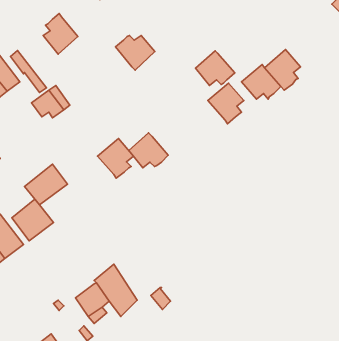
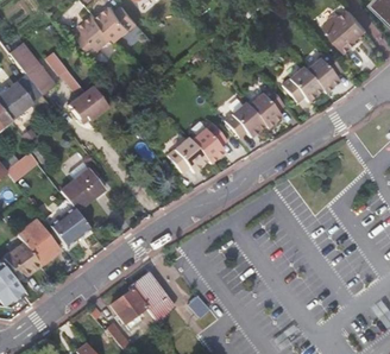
building: none -> [322,10,371,52]
building: [116,35,155,70] -> [98,6,138,42]
building: [196,51,235,86] -> [225,101,265,137]
building: [97,139,133,178] -> [190,122,227,163]

